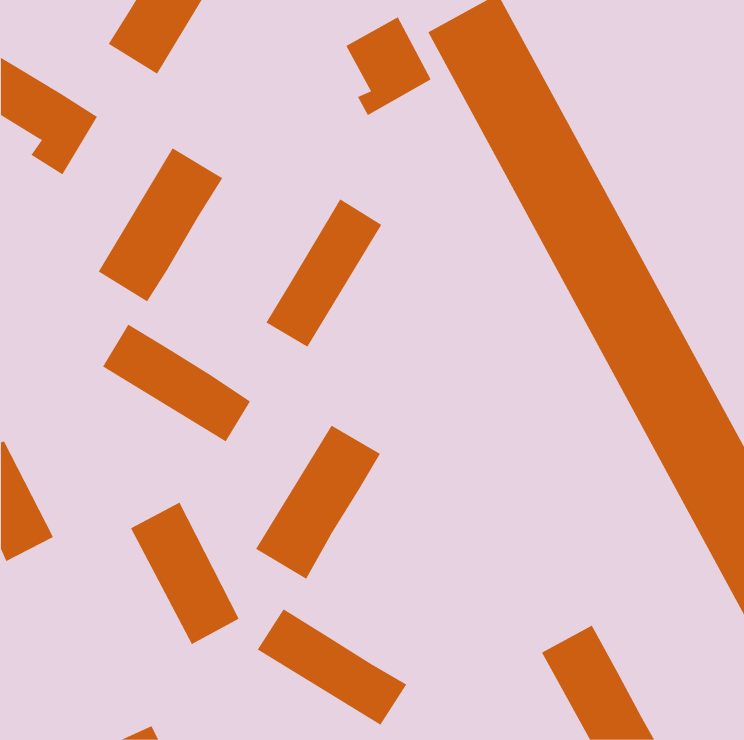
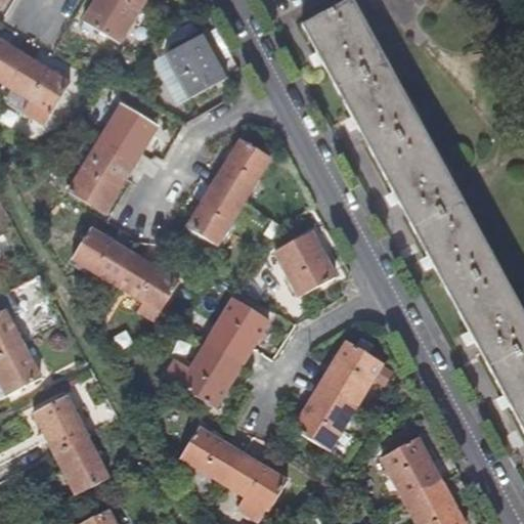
building: [345,17,432,116] -> [166,33,226,102]
building: none -> [274,231,335,296]
building: none -> [295,342,382,449]
building: [130,502,240,645] -> [32,394,108,494]

